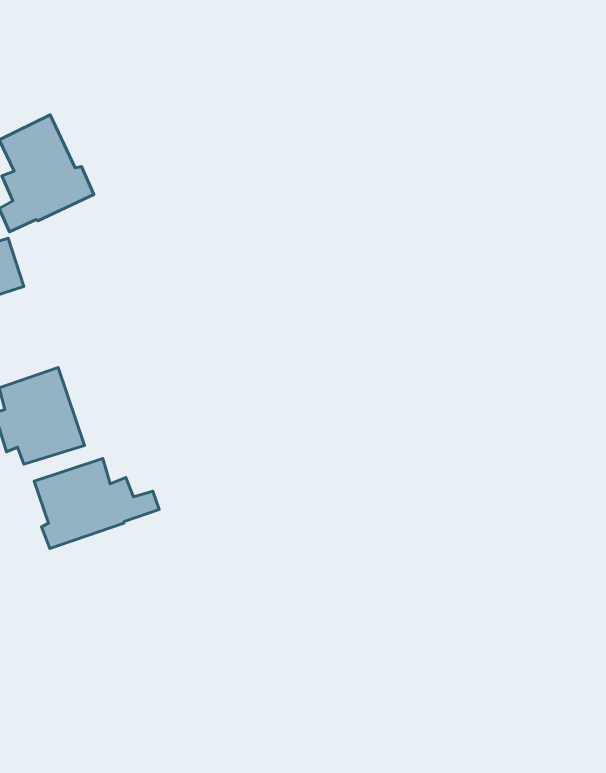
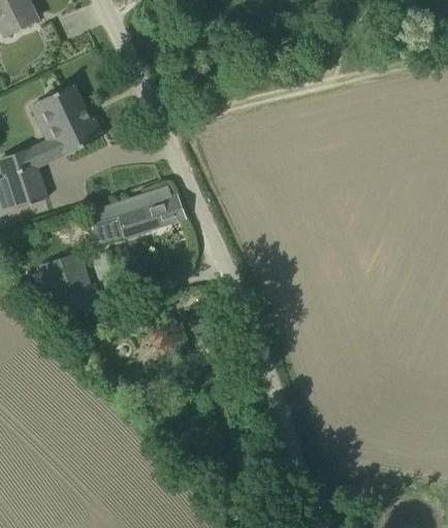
building: none -> [89,186,185,244]
building: [34,459,159,548] -> none

